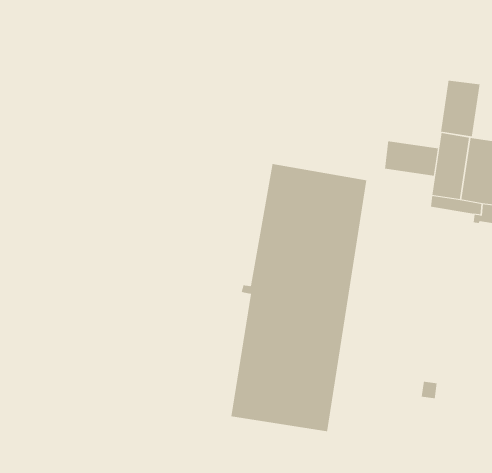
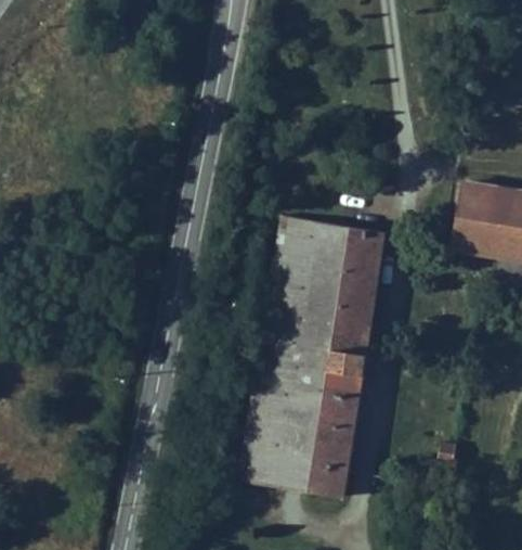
building: [440,80,480,137] -> none
building: [384,140,438,176] -> none

